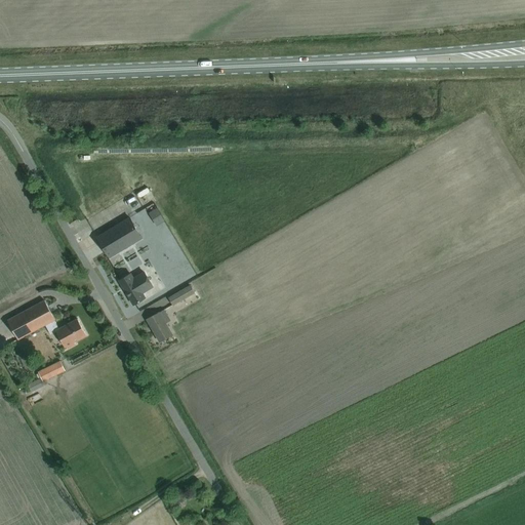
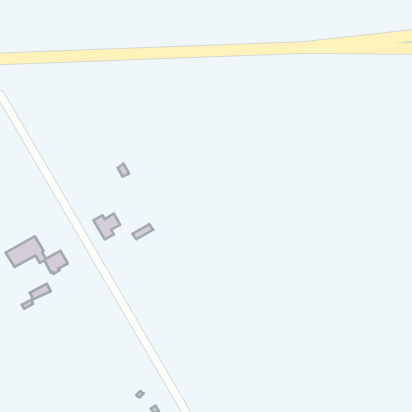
building: [97,217,140,256] -> none
building: [147,310,172,341] -> none

